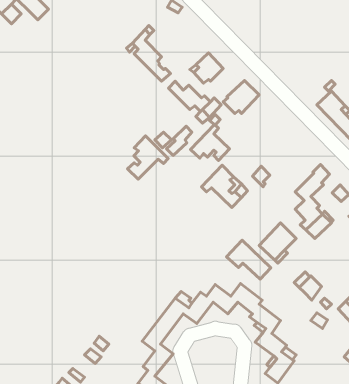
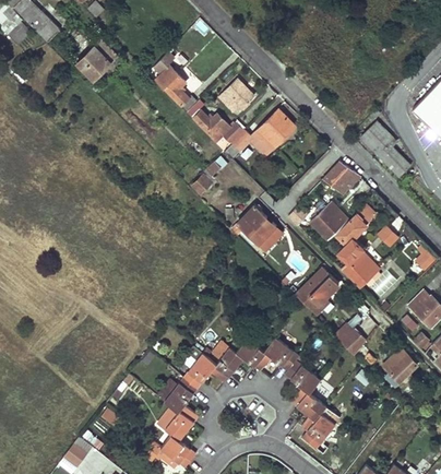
building: none -> [78,39,118,80]
building: [190,125,229,161] -> none
building: none -> [323,162,360,195]
building: [128,136,168,179] -> none
building: none -> [310,200,348,240]
building: [227,240,271,279] -> none

